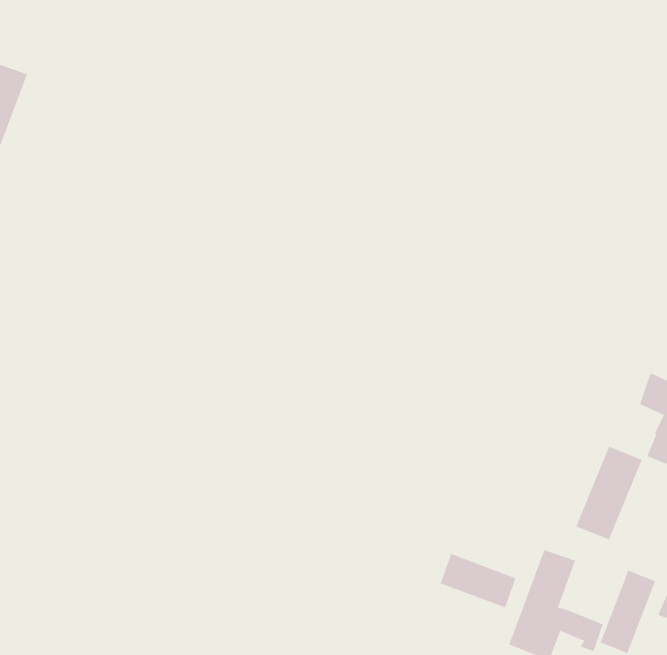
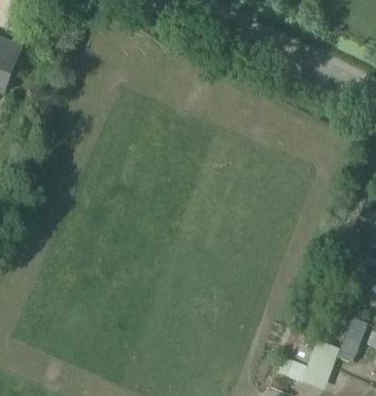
building: [575,446,643,540] -> none
building: [440,553,516,608] -> none

